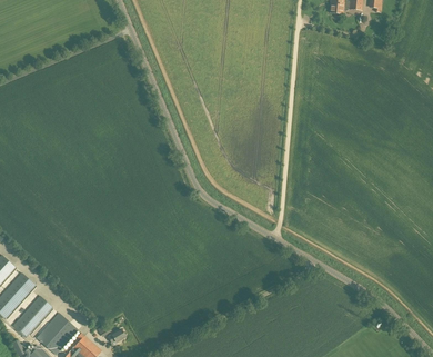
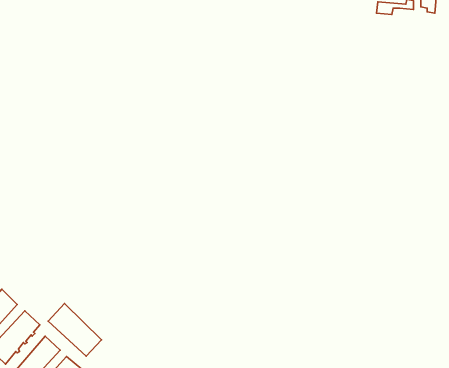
building: none -> [48,303,101,356]

